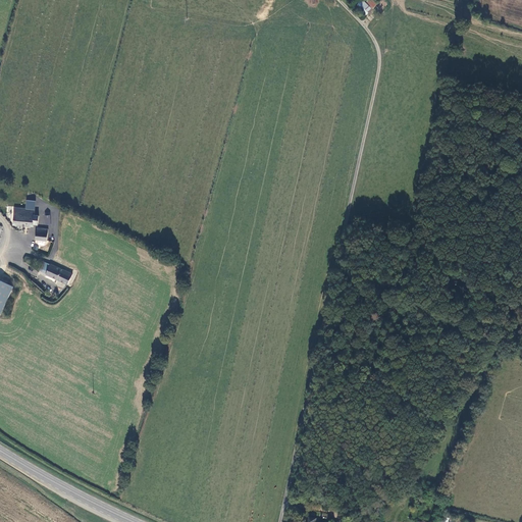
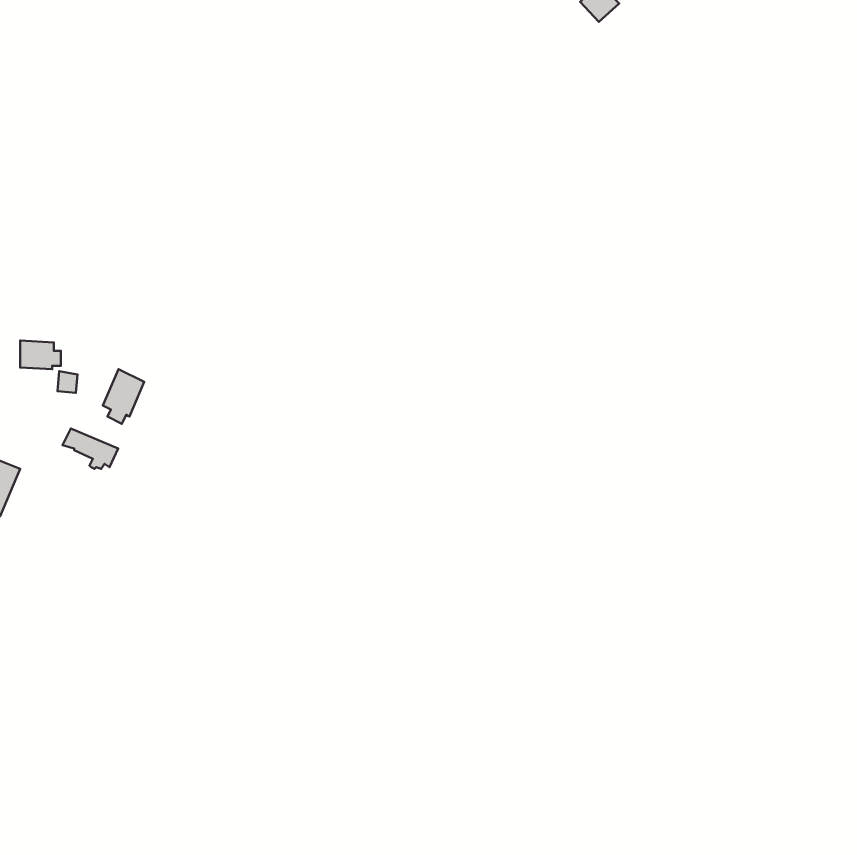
building: none -> [103,369,144,424]

